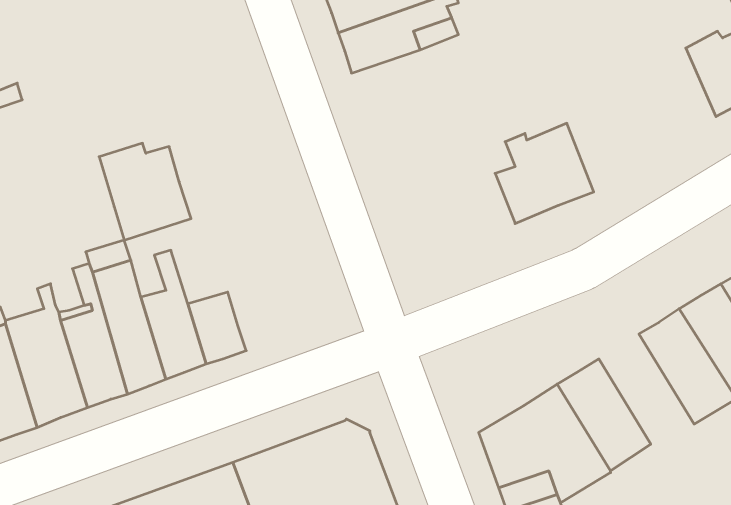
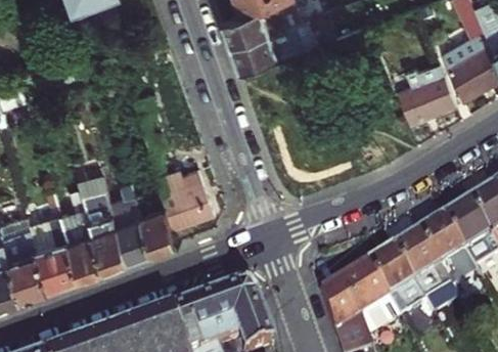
building: [495,123,594,224] -> [398,62,458,124]
building: [99,143,191,240] -> [156,166,213,225]
building: none -> [393,230,459,313]

